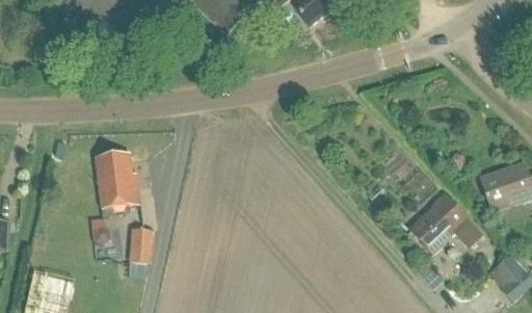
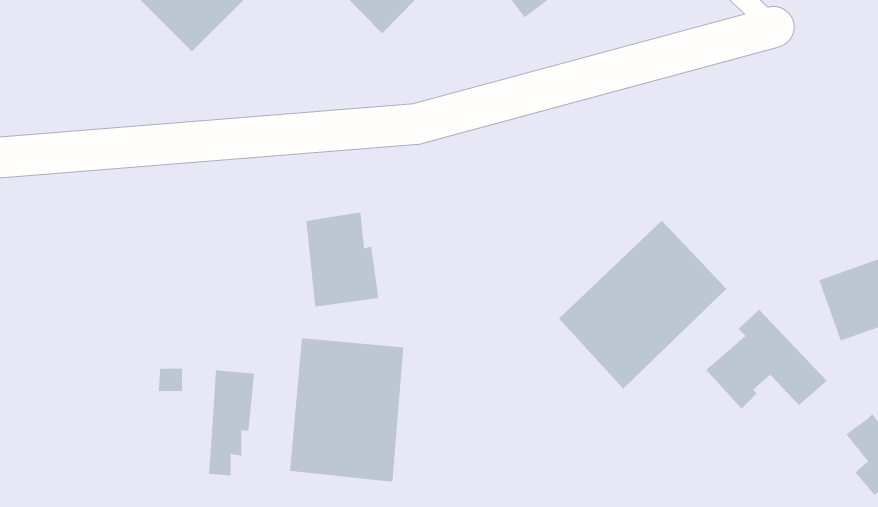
building: none -> [558,220,727,389]
building: [97,151,139,206] -> [305,212,379,307]
building: none -> [289,337,404,482]

